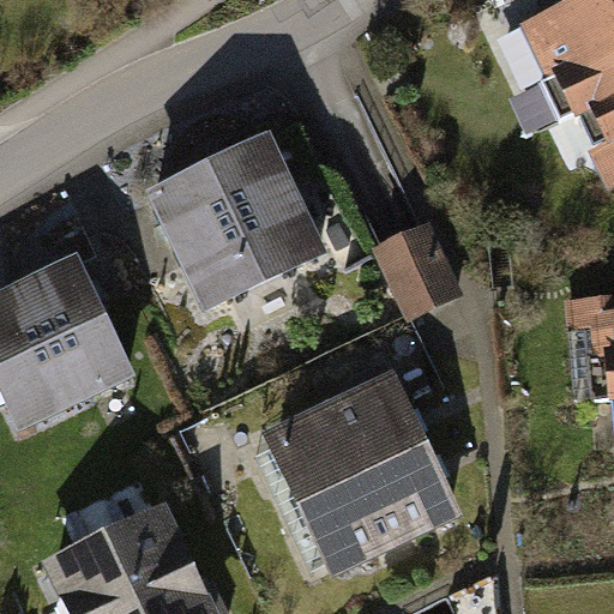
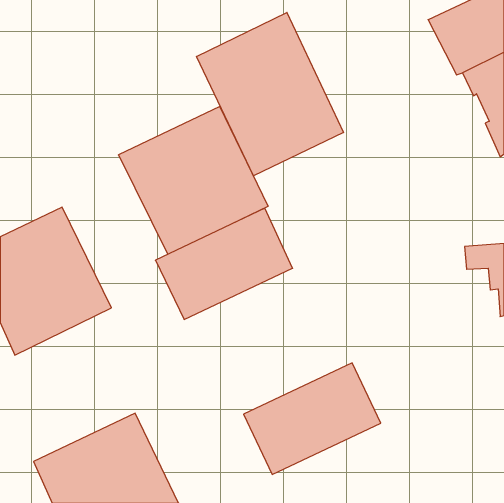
building: none -> [197,12,343,176]
building: [377,223,464,320] -> none
building: [261,368,428,504] -> [155,208,293,319]

